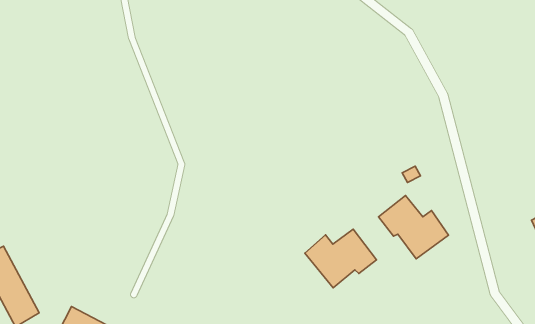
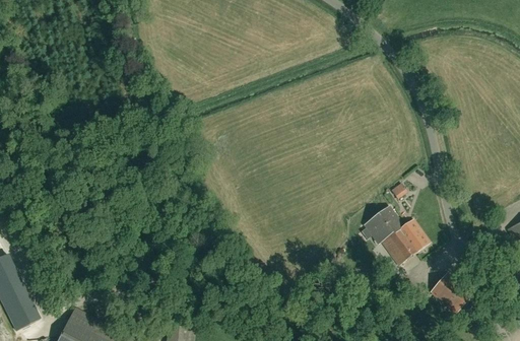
building: [305,229,376,288] -> none
building: none -> [429,274,471,315]

